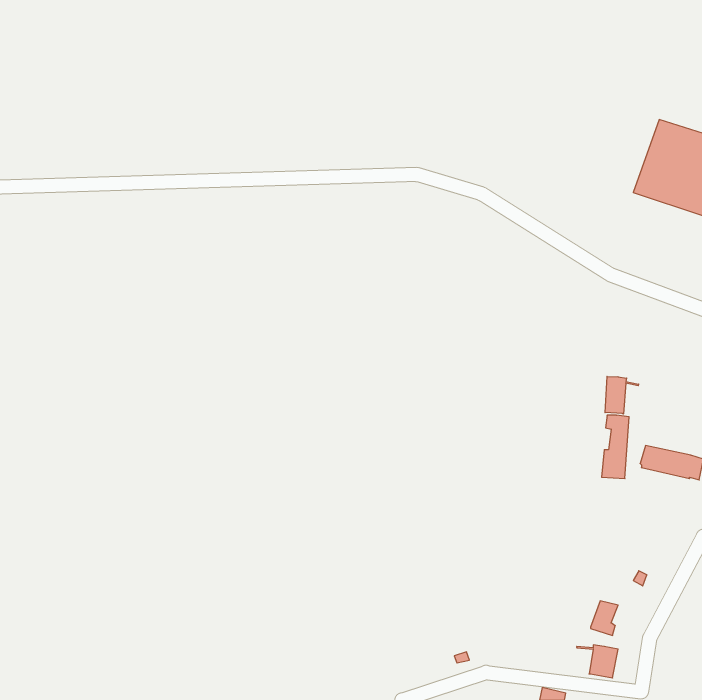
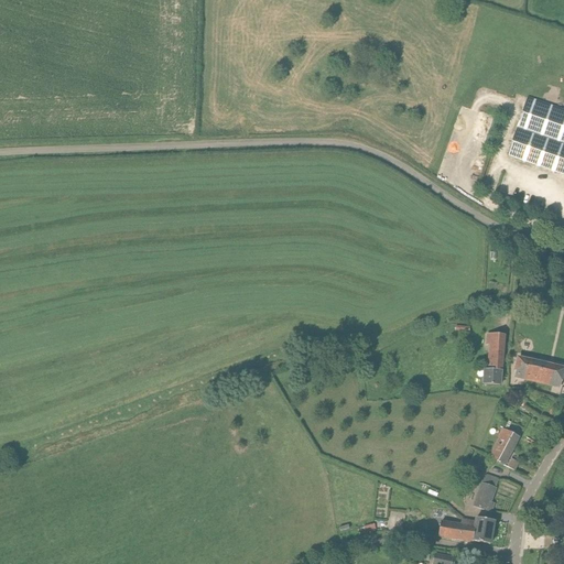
building: [605,376,639,414] -> none
building: none -> [490,427,519,464]
building: none -> [440,519,476,540]

